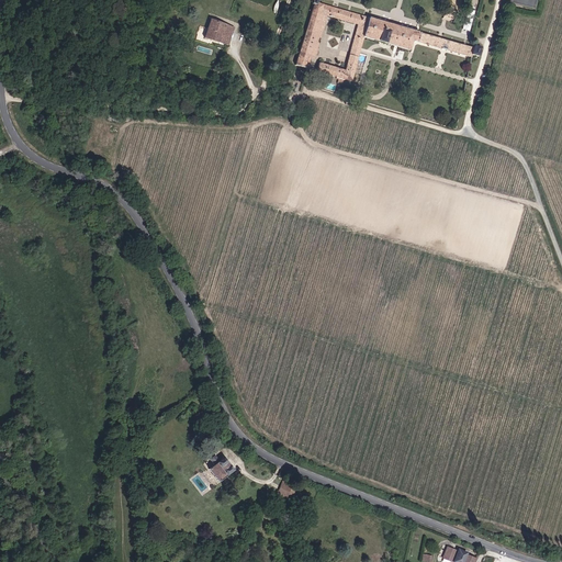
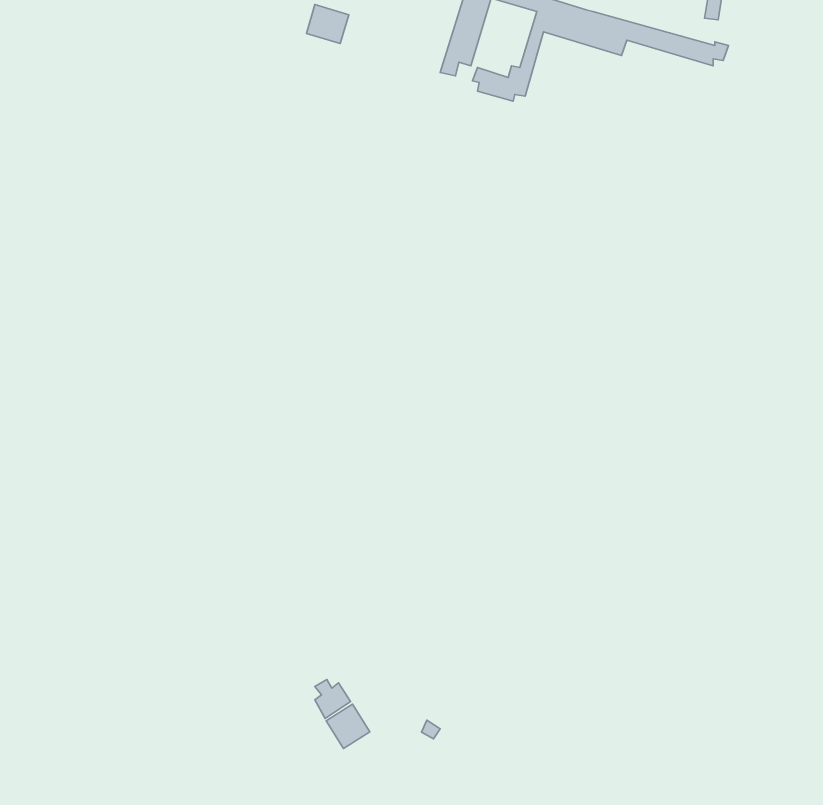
building: none -> [326,704,370,748]

